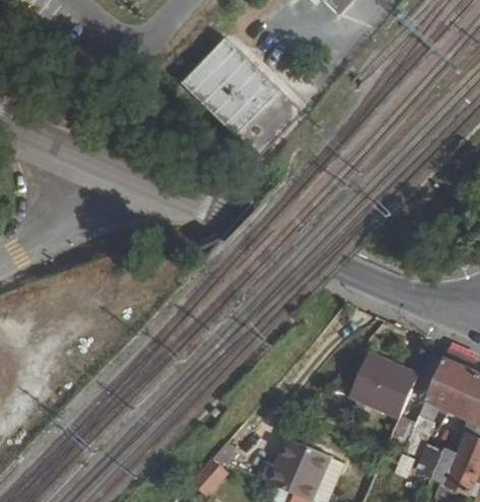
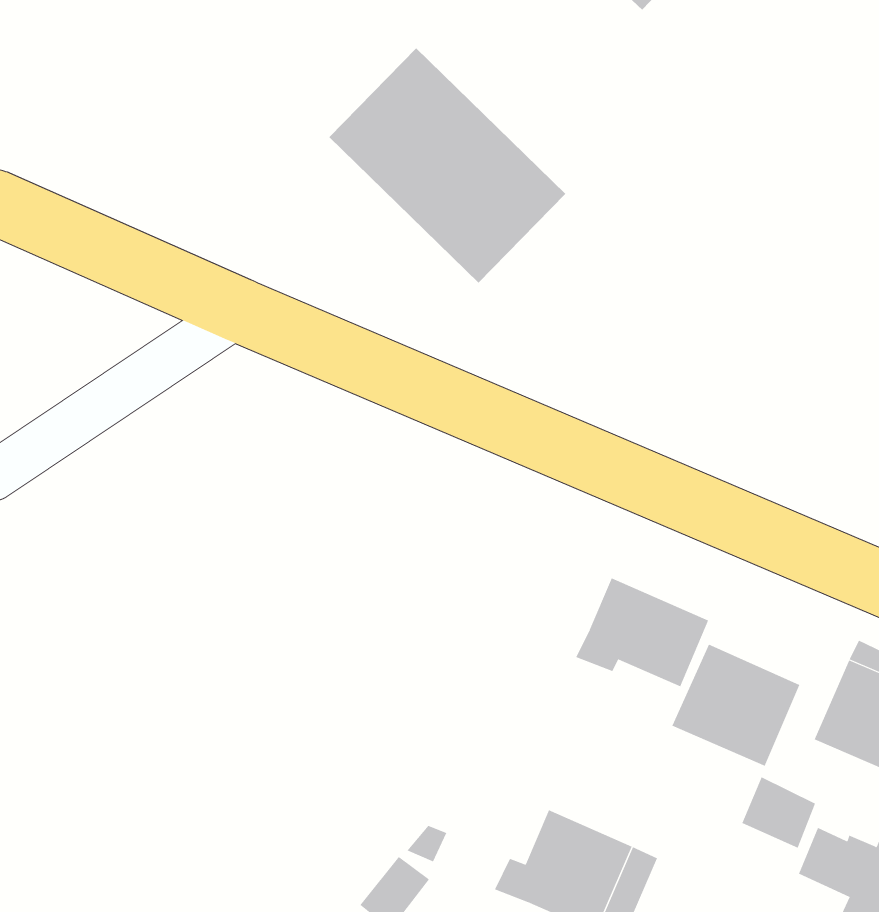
building: none -> [575,577,709,687]

